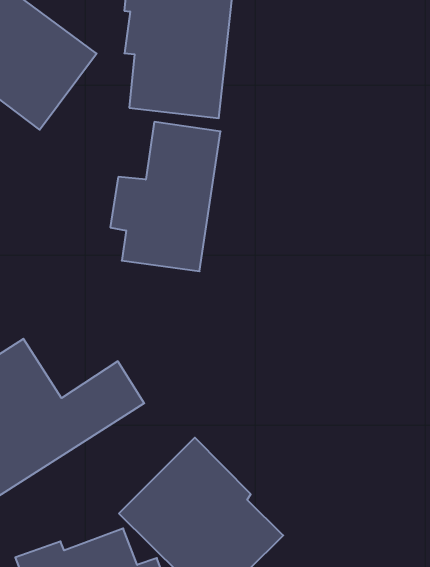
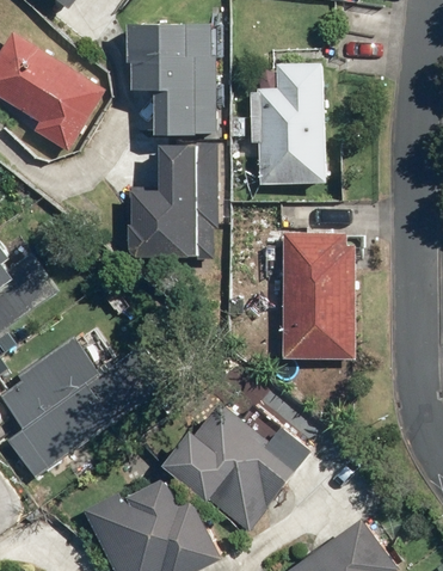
building: none -> [247,60,330,189]
building: none -> [257,219,355,361]

